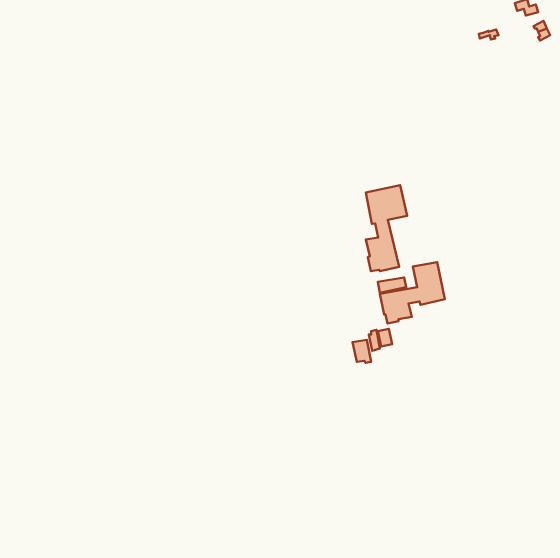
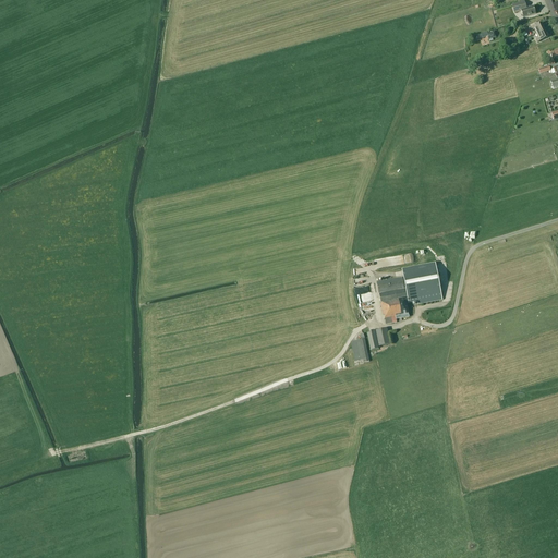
building: [366,185,407,271] -> none

